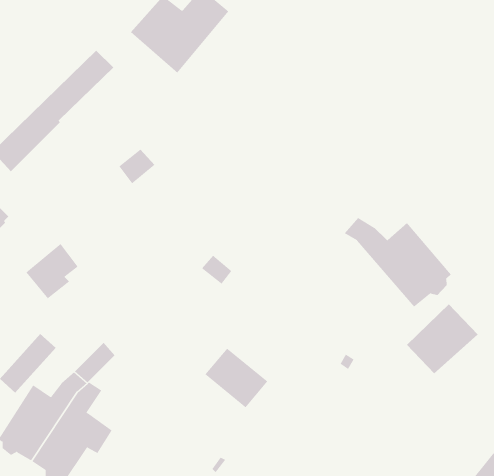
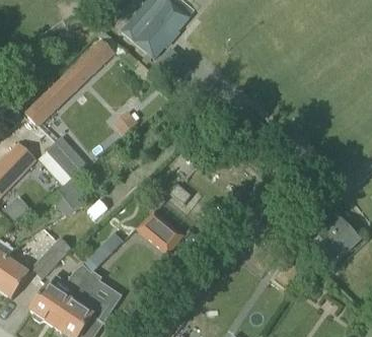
building: none -> [46,135,86,177]
building: [344,217,452,307] -> none
building: [205,348,268,408] -> [139,212,182,254]

